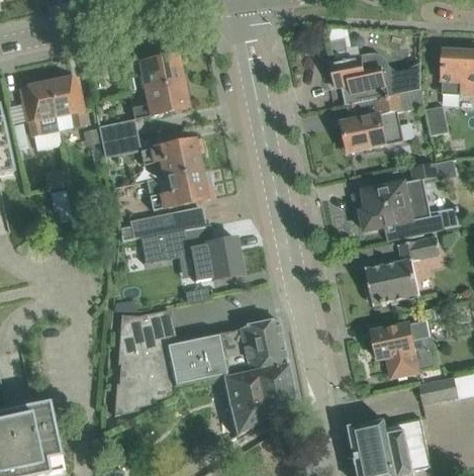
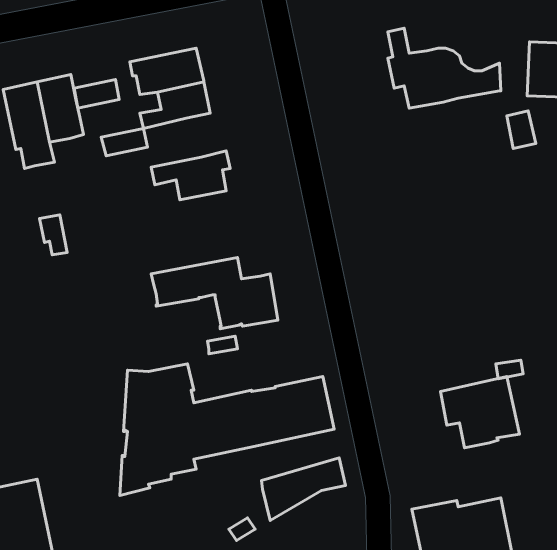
building: [342,88,423,151] -> none
building: [103,133,139,157] -> [74,79,119,108]
building: [353,162,444,239] -> none
building: [146,169,212,209] -> none
building: [119,206,205,240] -> none
building: [366,234,441,303] -> none
building: [222,361,291,402] -> none
building: [419,375,459,403] -> none

